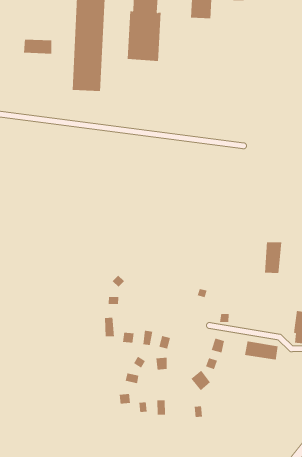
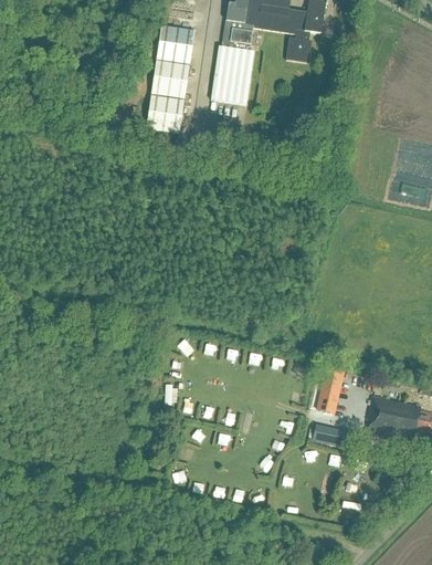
building: [24,39,52,54] -> none
building: [264,242,282,274] -> [320,376,344,412]

